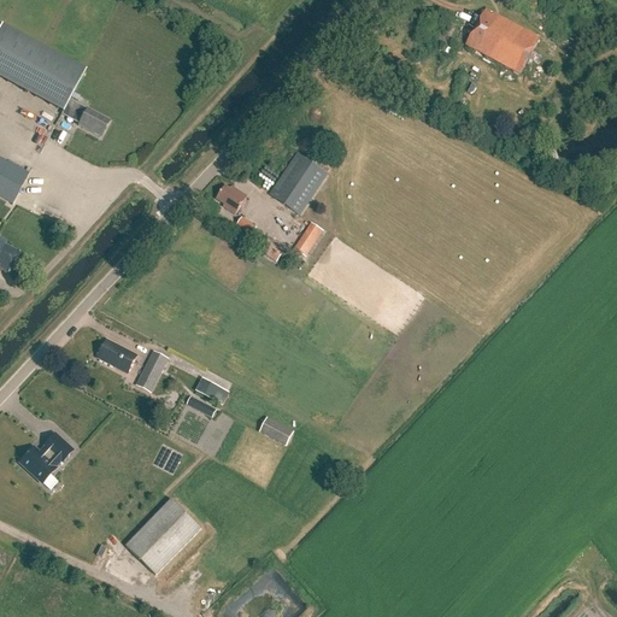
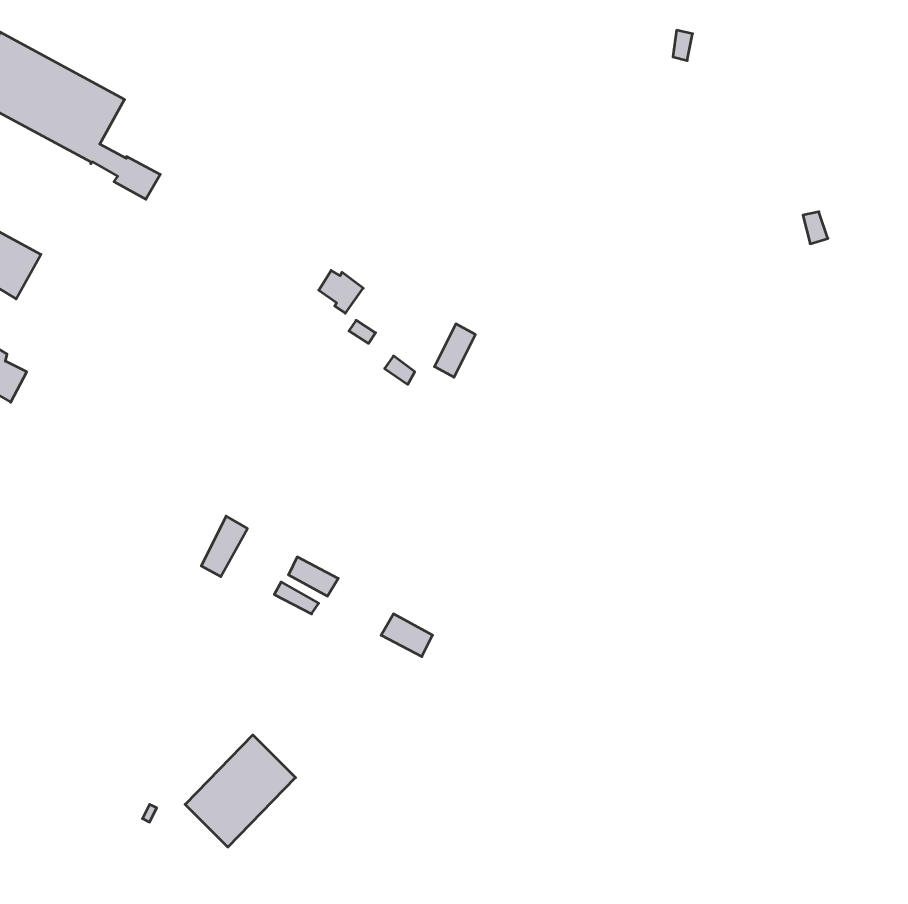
building: [466,7,539,72] -> none
building: [269,152,327,213] -> none
building: [98,339,134,370] -> none
building: [18,433,71,481] -> none

